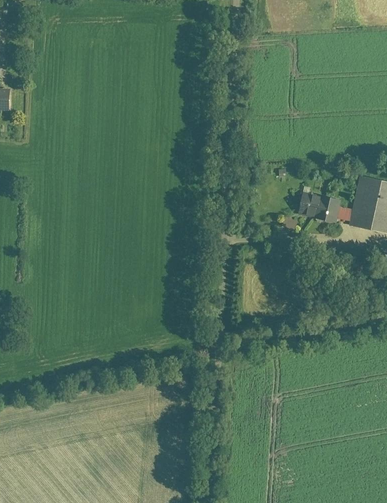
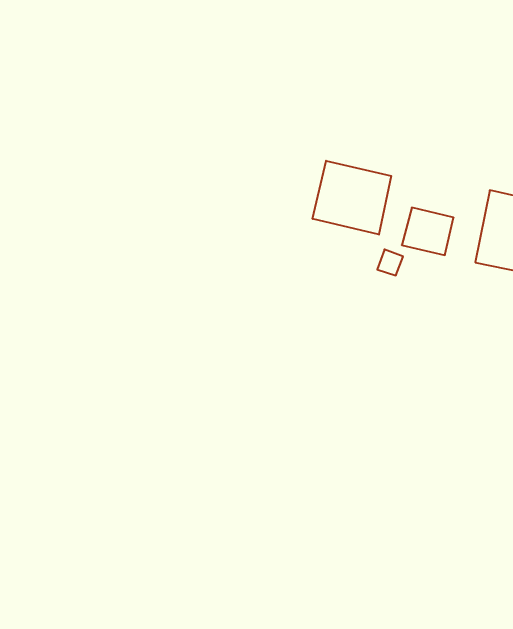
building: none -> [313,161,391,235]

